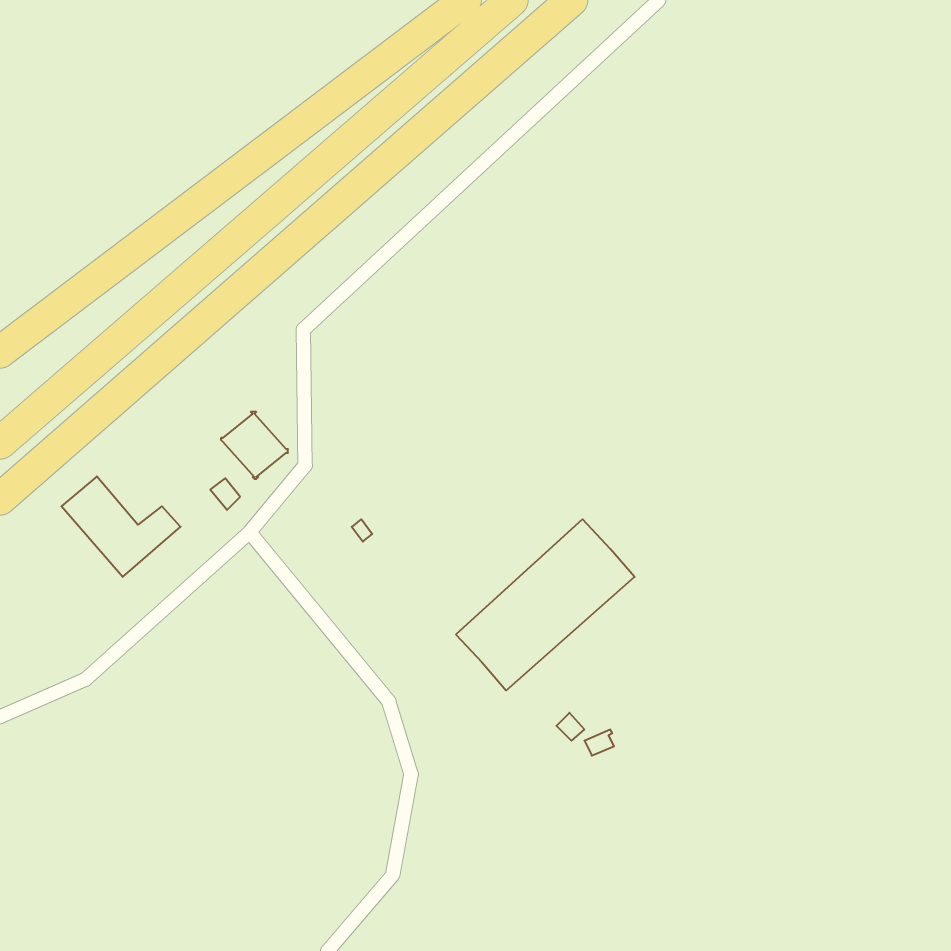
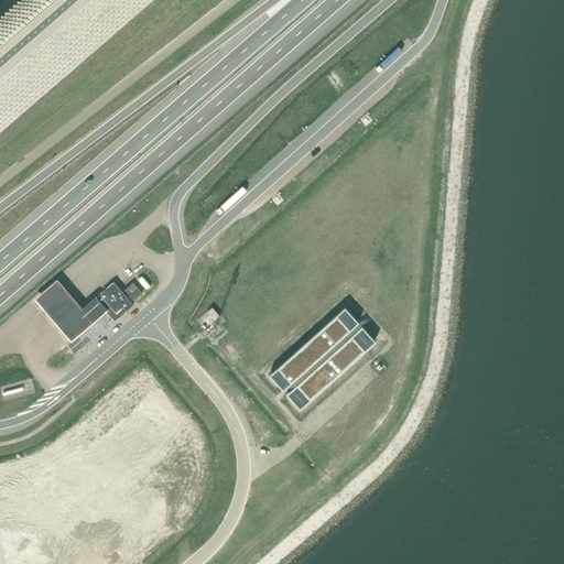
building: [221,412,288,479] -> [95,282,134,322]

